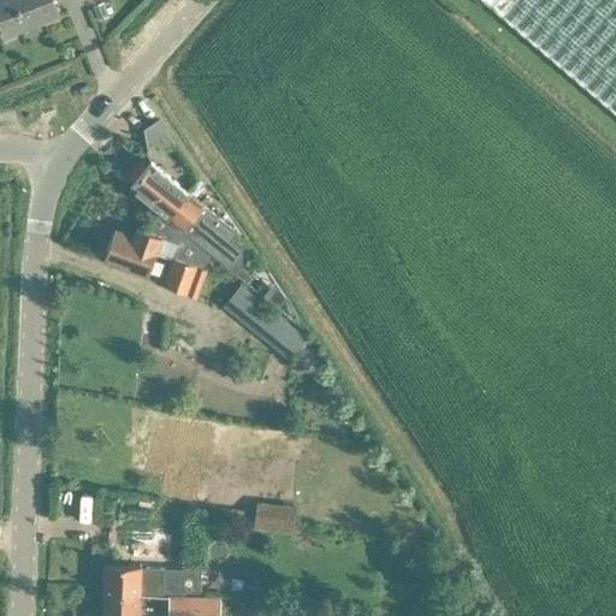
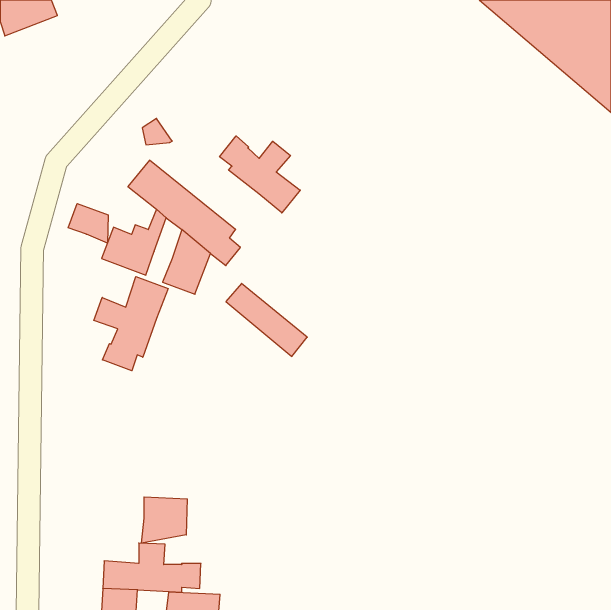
building: none -> [220,136,300,213]
building: none -> [68,204,108,243]
building: none -> [94,277,168,371]
building: none -> [142,497,187,543]

